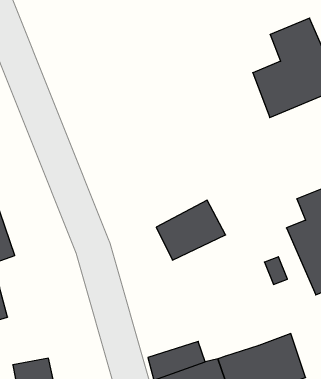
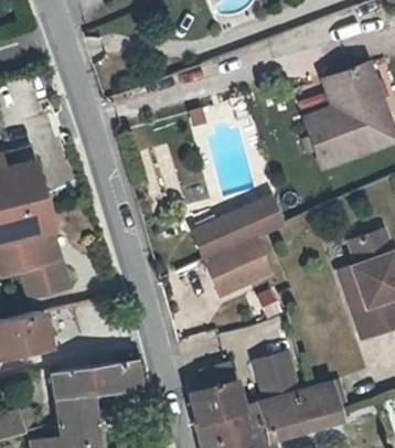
building: none -> [191,198,287,264]
building: none -> [254,349,301,398]
building: none -> [49,358,137,394]

